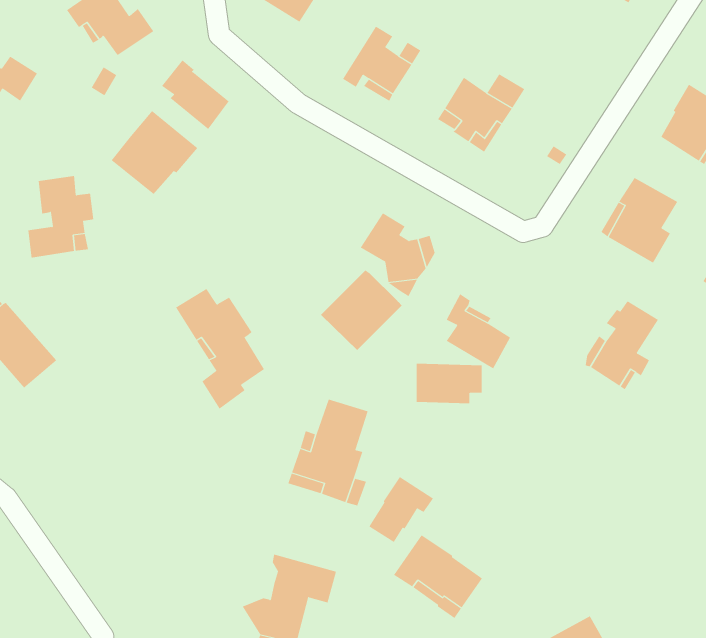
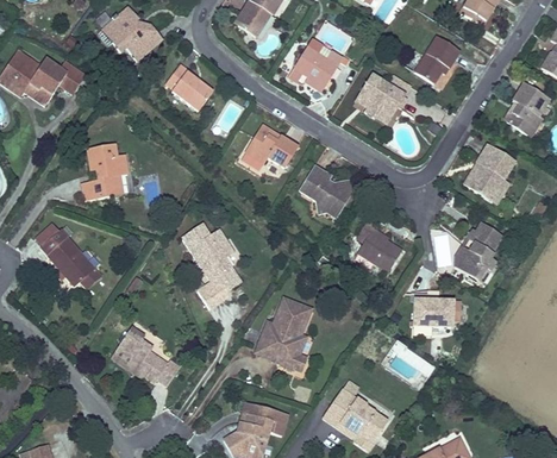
building: none -> [414,37,459,84]
building: [111,110,198,195] -> none
building: none -> [246,126,299,168]
building: [320,270,402,351] -> none
building: [416,363,483,404] -> [409,295,455,322]
building: none -> [108,327,177,383]
building: [369,476,434,543] -> none

